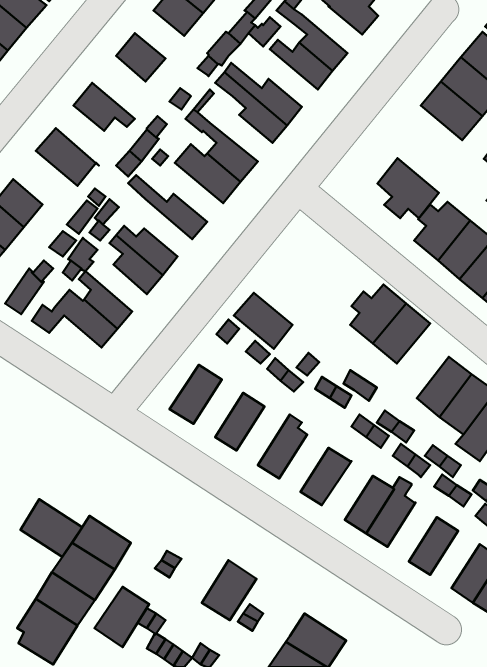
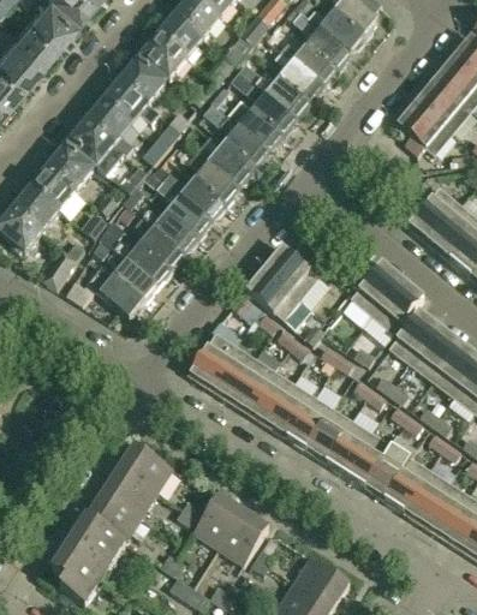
building: none -> [308,12,362,54]
building: none -> [157,16,202,59]
building: none -> [273,50,322,102]
building: none -> [119,60,165,113]
building: none -> [87,101,133,155]
building: none -> [225,107,281,151]
building: none -> [48,147,93,190]
building: [378,158,439,218] -> [396,101,452,155]
building: none -> [189,153,237,205]
building: none -> [142,169,209,237]
building: none -> [113,241,168,286]
building: none -> [264,247,317,298]
building: none -> [388,310,440,364]
building: none -> [210,347,255,399]
building: none -> [249,360,298,424]
building: none -> [287,396,332,448]
building: none -> [326,412,375,473]
building: [21,499,82,557] -> [117,442,172,494]
building: none -> [384,458,429,510]
building: none -> [423,483,467,535]
building: [94,587,149,647] -> [192,494,242,548]

